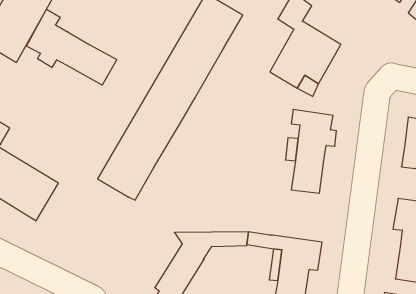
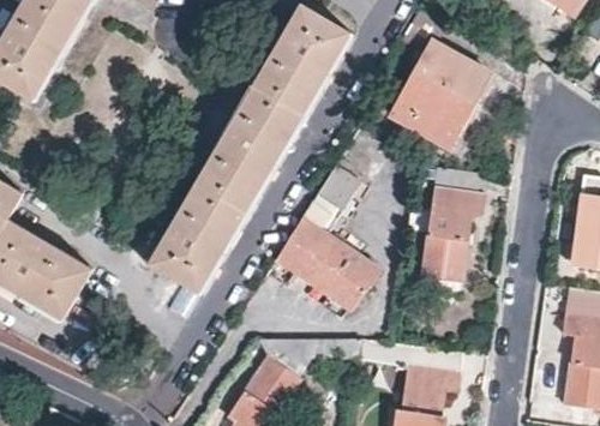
building: [26,9,117,85] -> none
building: none -> [274,128,379,310]

